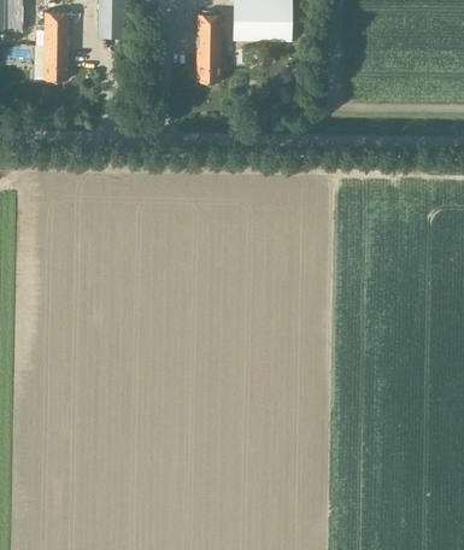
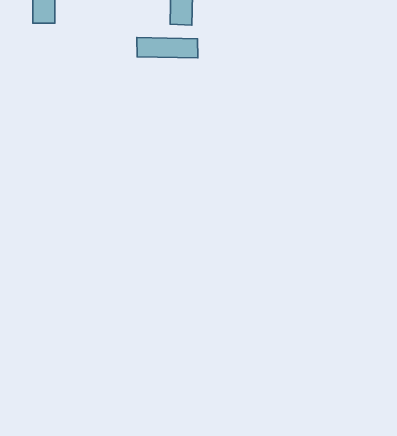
building: none -> [137,38,198,58]

